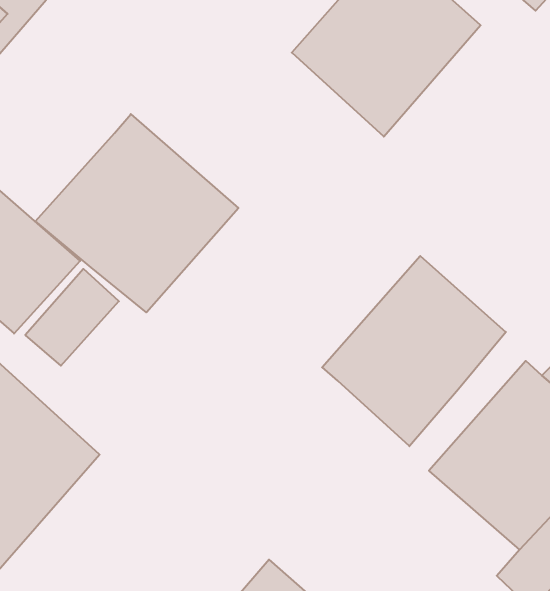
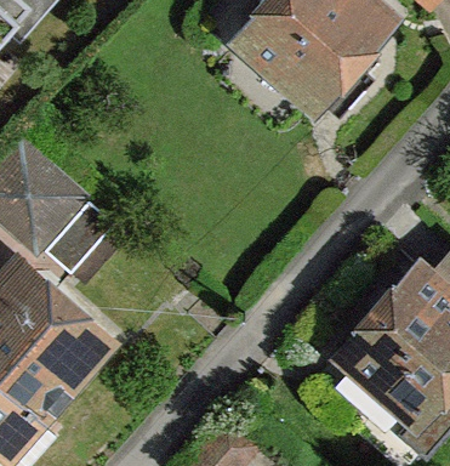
building: [36,114,238,312] -> none
building: [322,256,506,446] -> none

